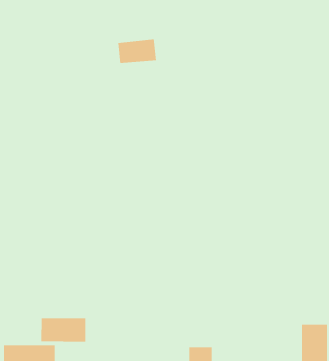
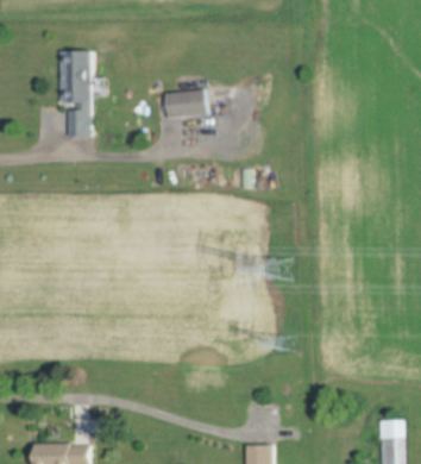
building: none -> [62,51,92,137]
building: [41,317,86,343] -> none

